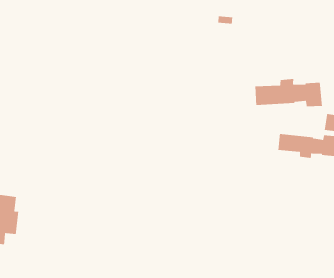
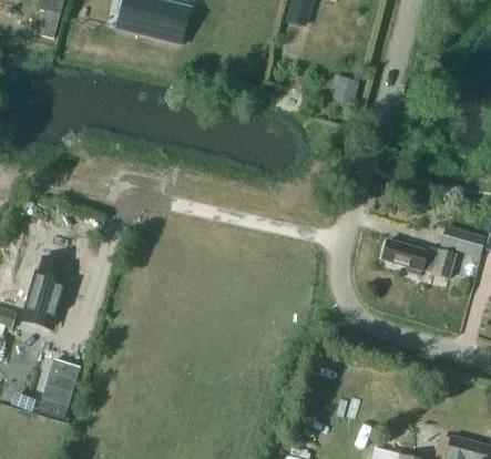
building: [254,78,323,107] -> none

